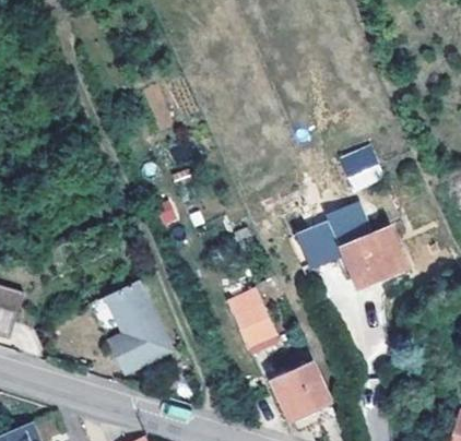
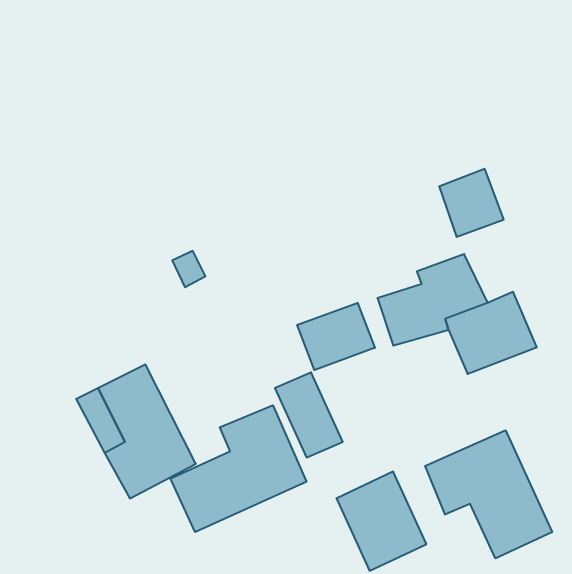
building: none -> [297,303,375,370]
building: none -> [170,405,306,532]
building: none -> [425,430,552,558]

